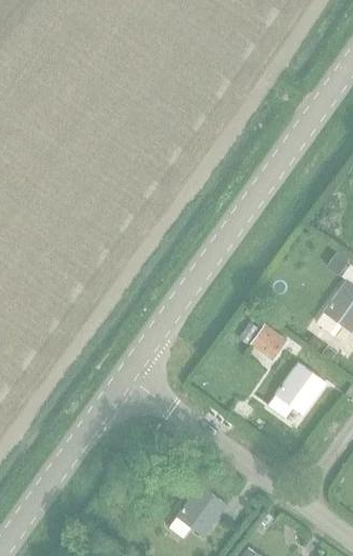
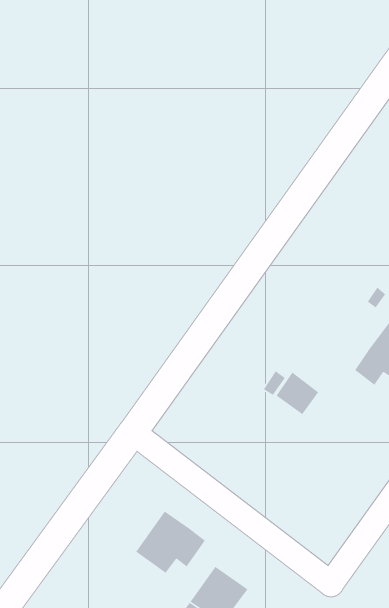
building: [267,363,324,418] -> none
building: none -> [135,511,206,574]

